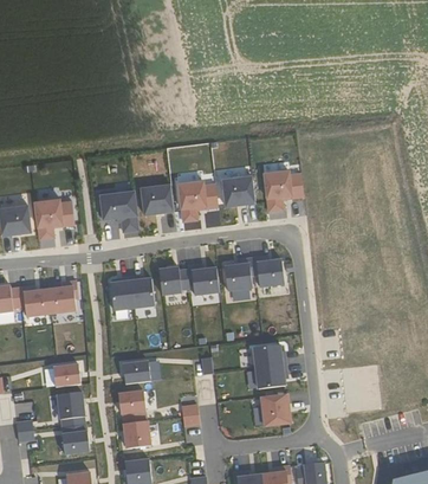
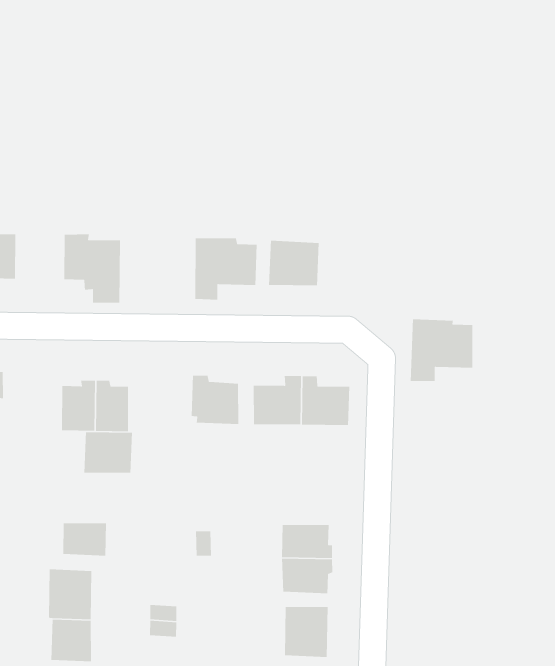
building: [264,172,304,212] -> [410,318,473,382]
building: [141,185,174,215] -> none
building: [158,266,189,295] -> [84,432,133,474]

